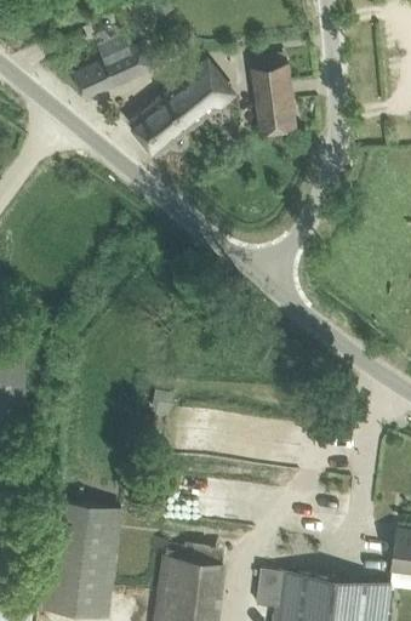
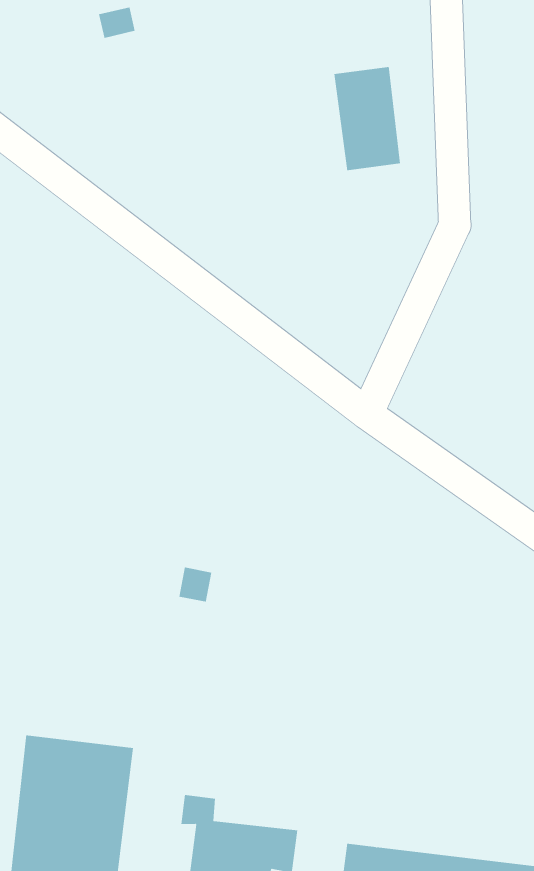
building: [70,47,154,102] -> none
building: [127,67,232,159] -> none

